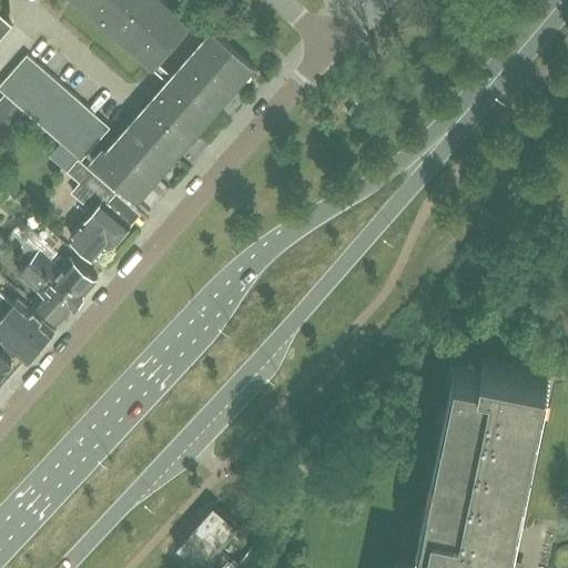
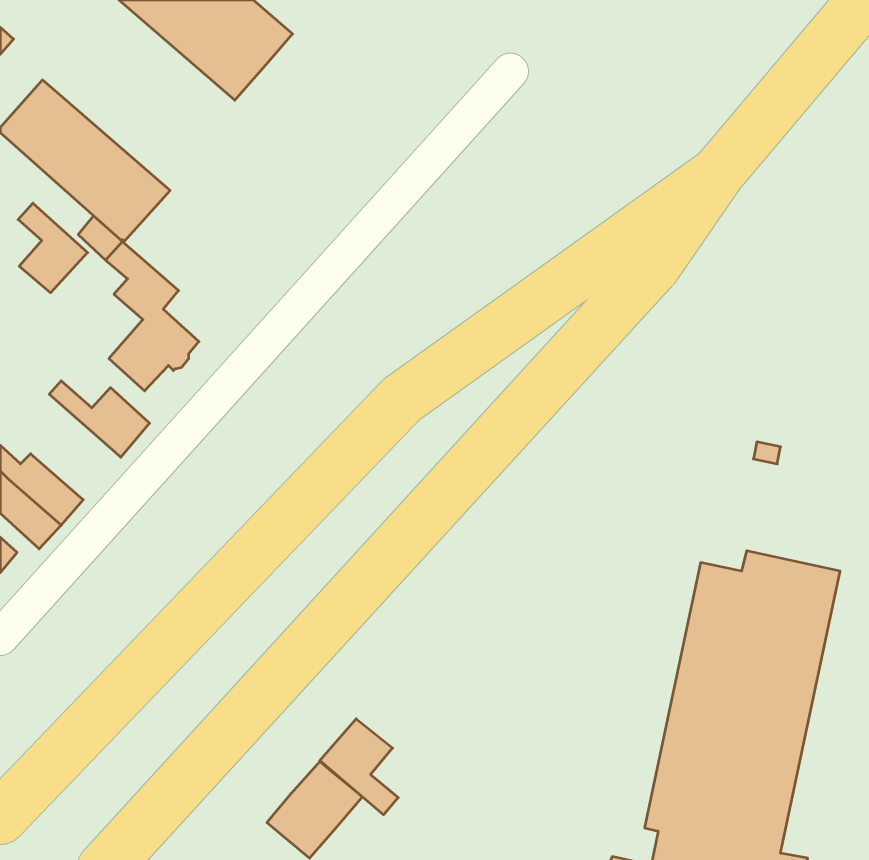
building: [90,33,254,205] -> none
building: none -> [18,203,88,293]
building: [19,263,79,325] -> none
building: none -> [320,719,398,815]

